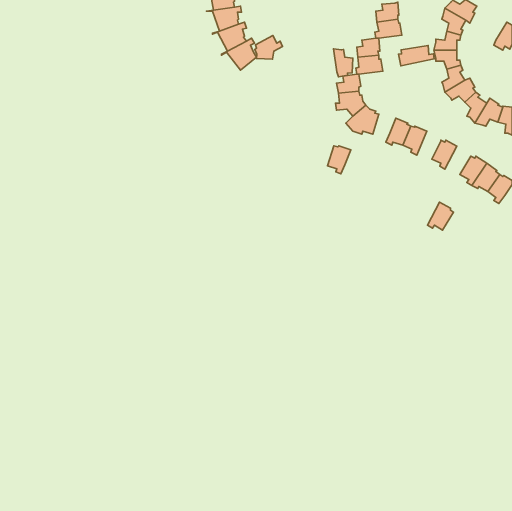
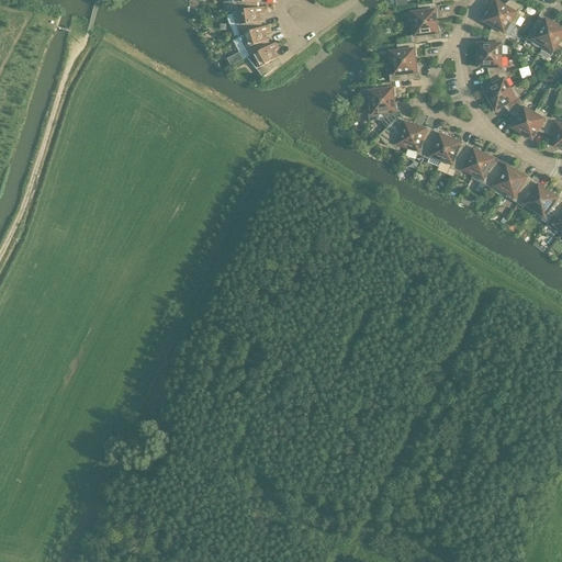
building: none -> [526,16,555,44]
building: [255,36,283,59] -> none
building: [399,45,434,66] -> none
building: [334,49,353,77] -> none
building: none -> [457,144,483,175]
building: [328,146,351,174] -> [408,125,434,156]
building: [427,202,453,230] -> [487,160,516,191]

